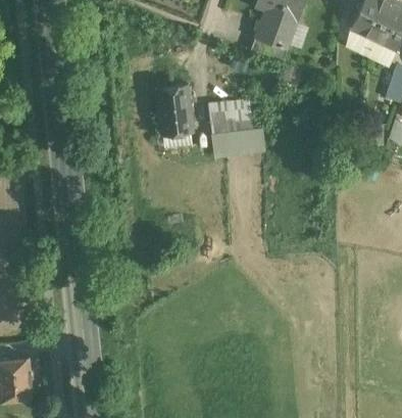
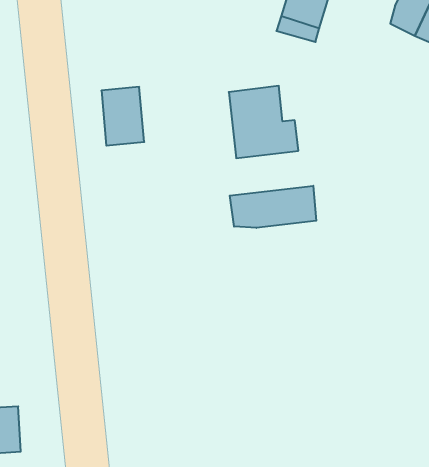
building: [161,86,197,135] -> [101,87,144,146]
building: none -> [230,186,316,228]

